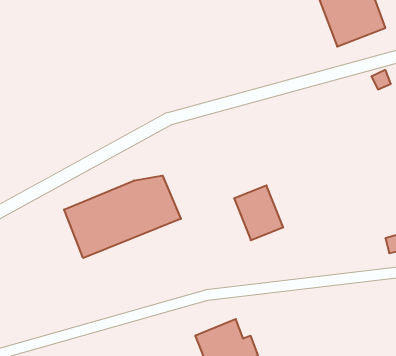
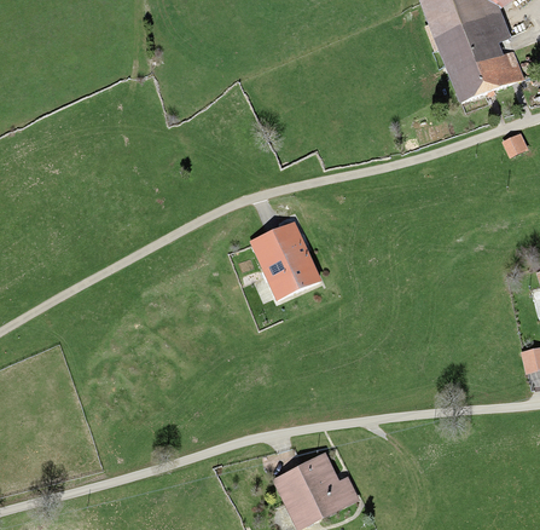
building: [64,176,181,258] -> none
building: [234,185,283,240] -> [252,226,317,298]

